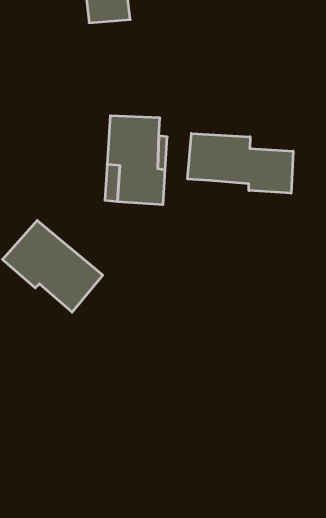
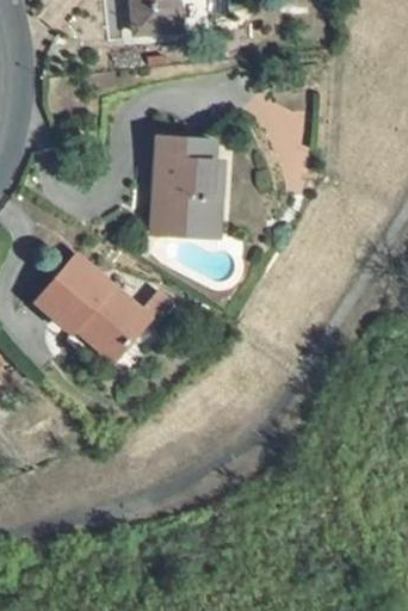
building: [188,133,293,193] -> none

